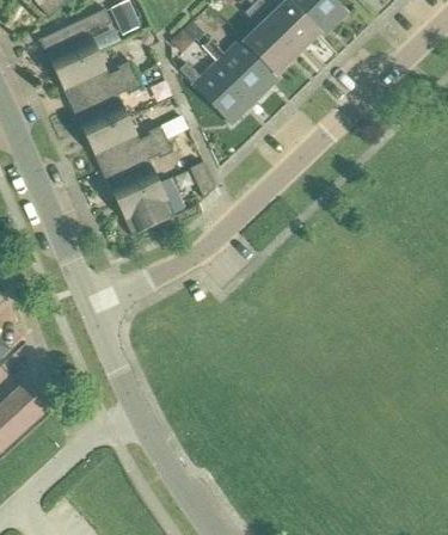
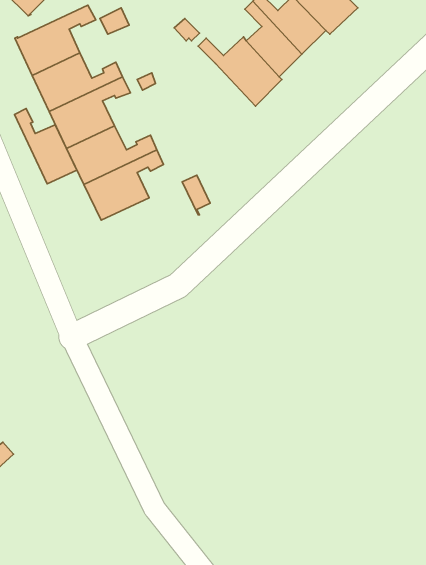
building: [180,60,256,122] -> none
building: none -> [14,109,77,184]
building: [117,180,176,234] -> none

